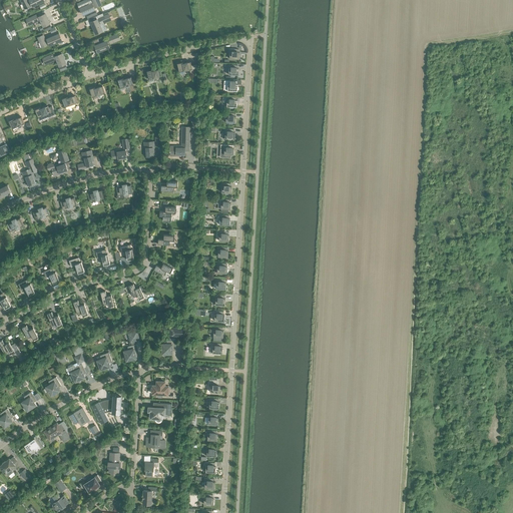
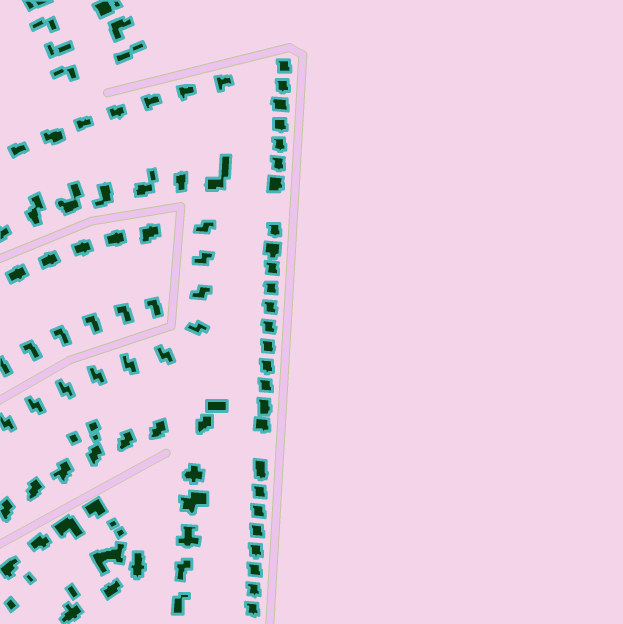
building: [91,396,120,423] -> [90,542,126,575]

